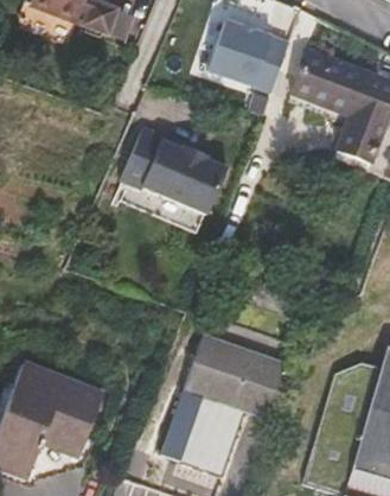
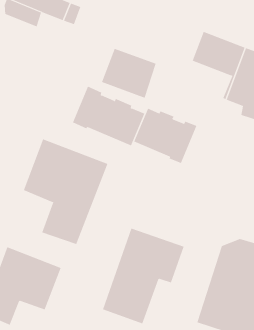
building: [207,23,288,96] -> [101,48,157,99]
building: none -> [133,108,197,164]
building: none -> [23,139,108,245]

